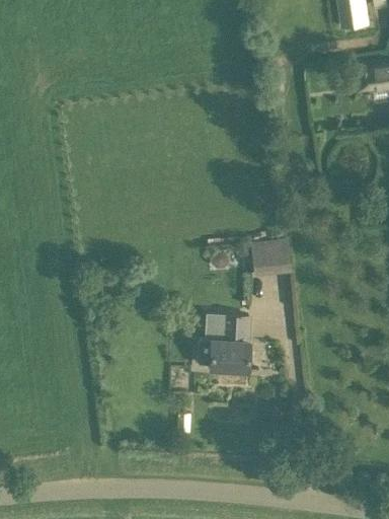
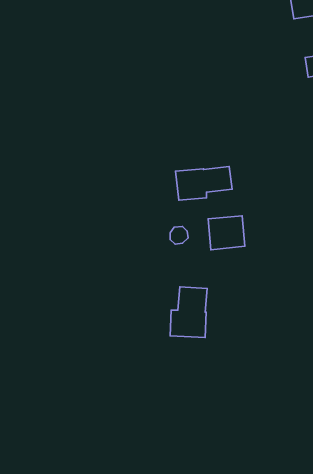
building: none -> [176,166,232,200]

